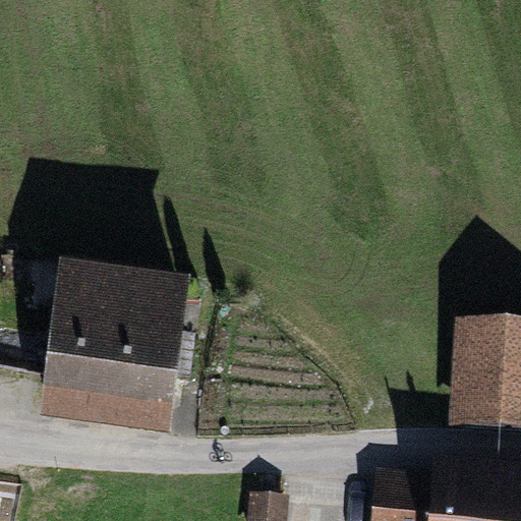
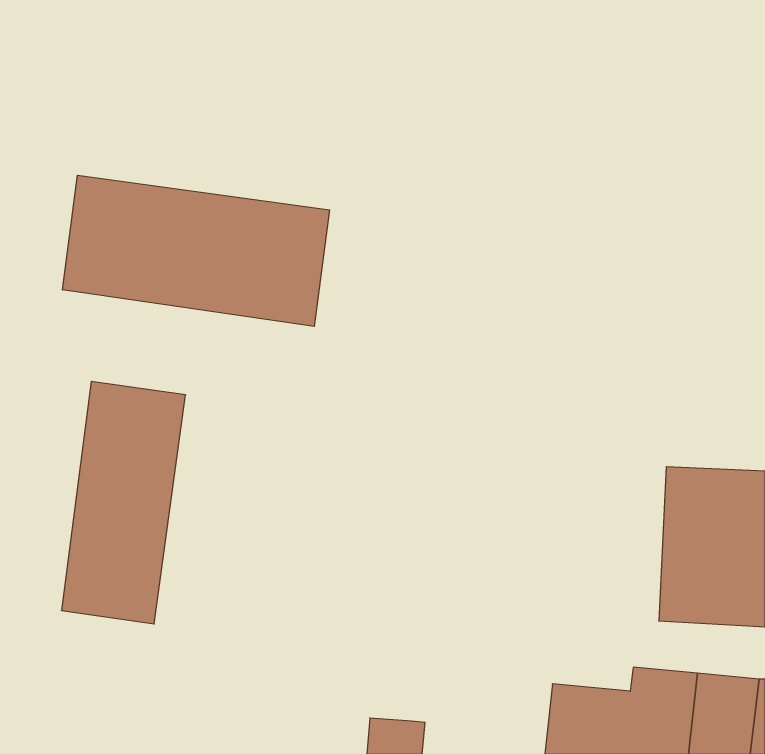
building: none -> [62,175,330,326]
building: [105,269,193,433] -> none

